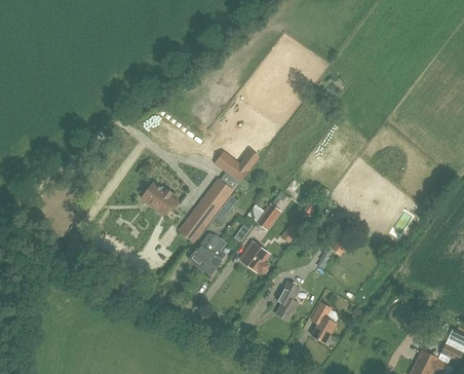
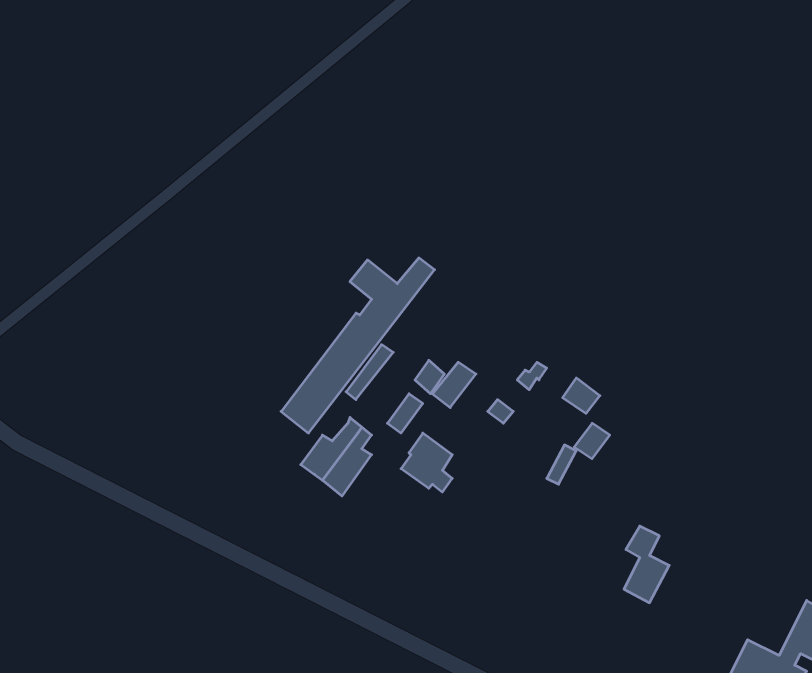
building: [141,183,177,214] -> none
building: [274,280,299,320] -> none
building: [311,302,335,342] -> [624,526,669,603]

